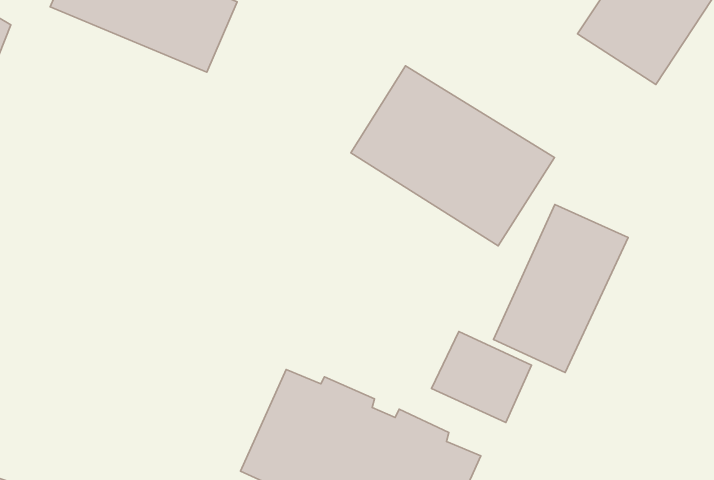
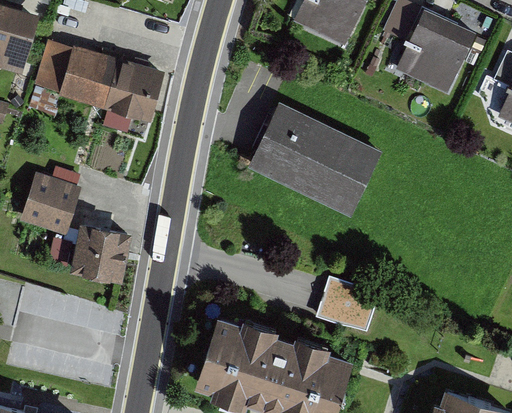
building: none -> [21,174,82,236]
building: [493,205,628,372] -> none
building: none -> [72,222,132,281]

